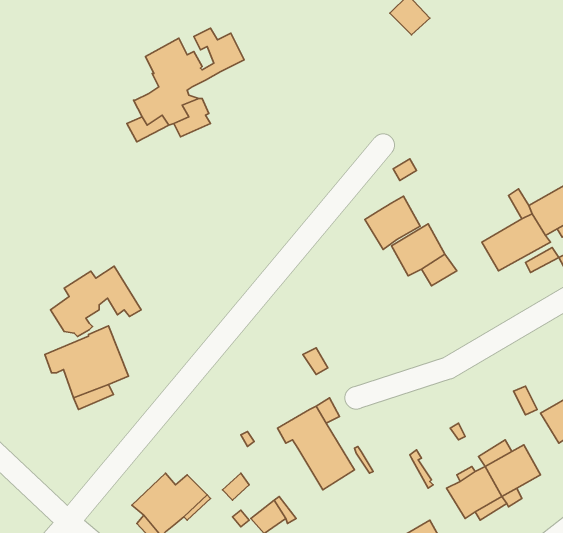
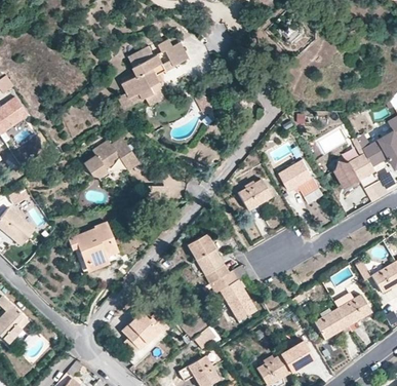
building: [365,196,420,250] -> [238,178,272,210]
building: [51,266,141,337] -> [84,137,140,180]
building: none -> [188,233,230,283]

